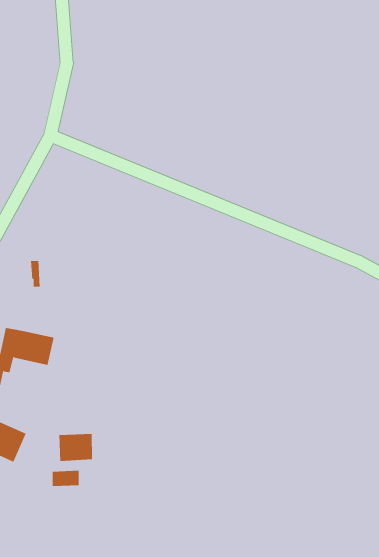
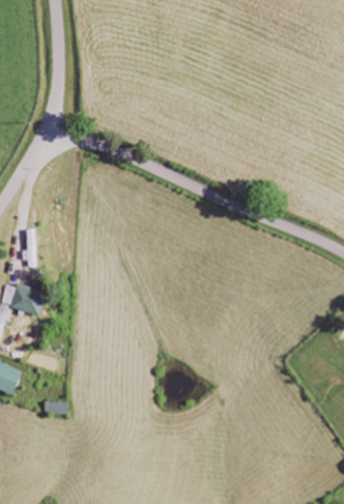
building: [59,433,93,462] -> none

